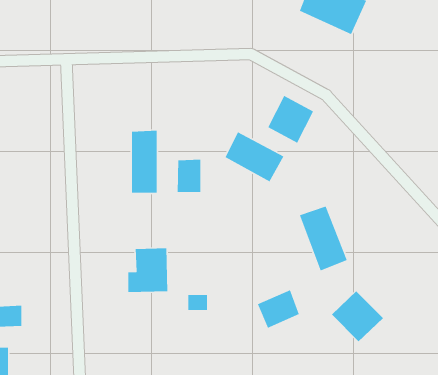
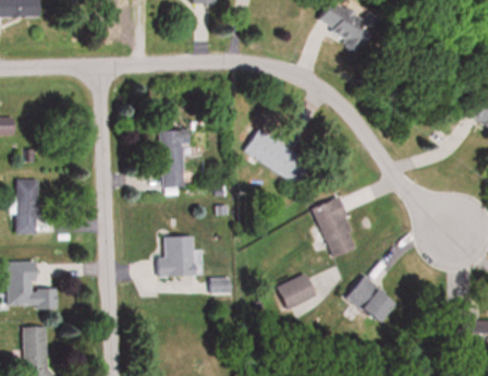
building: [267,95,314,144] -> none
building: [177,159,201,193] -> none

